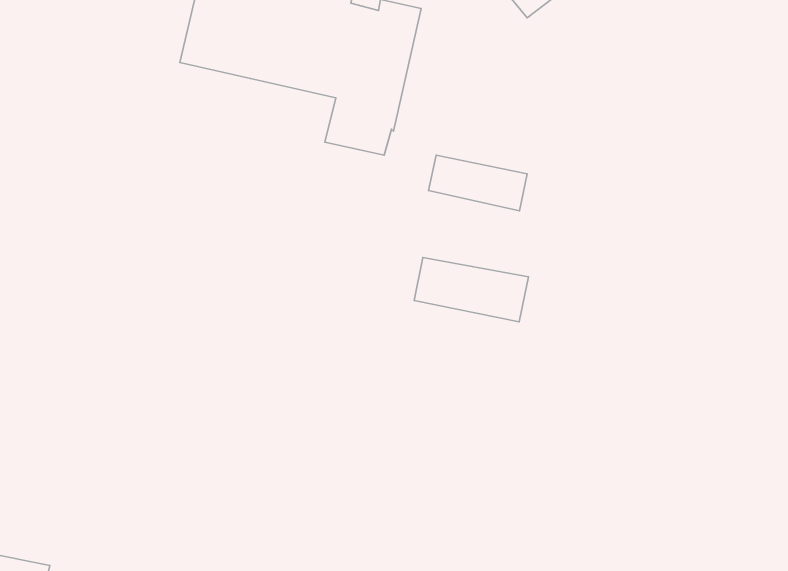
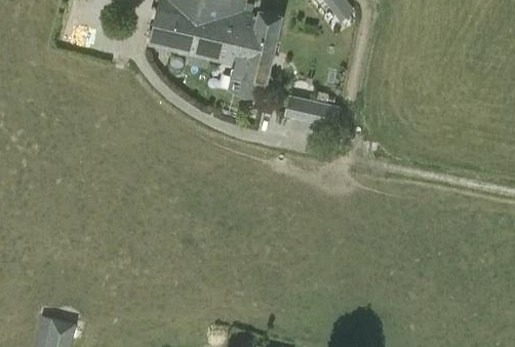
building: [414,258,528,322] -> none

